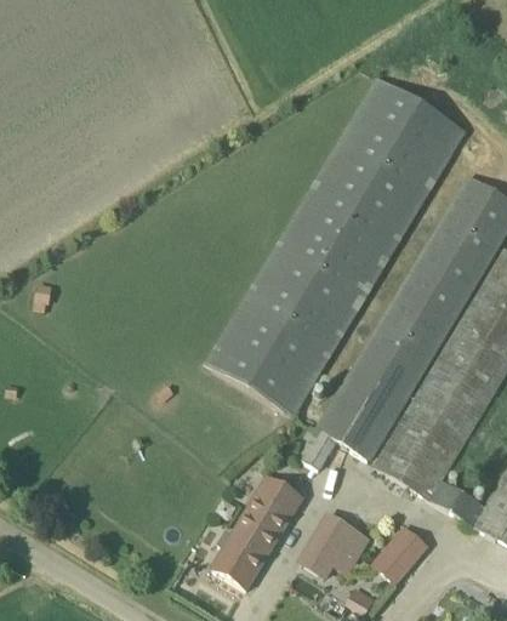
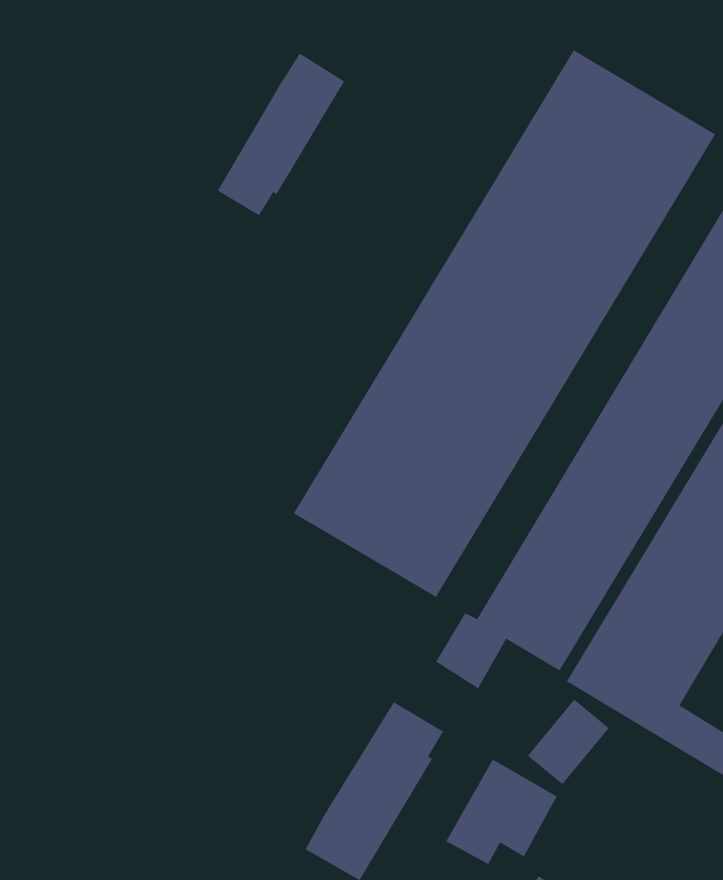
building: none -> [217,53,345,218]
building: [375,528,426,581] -> [527,698,610,785]

